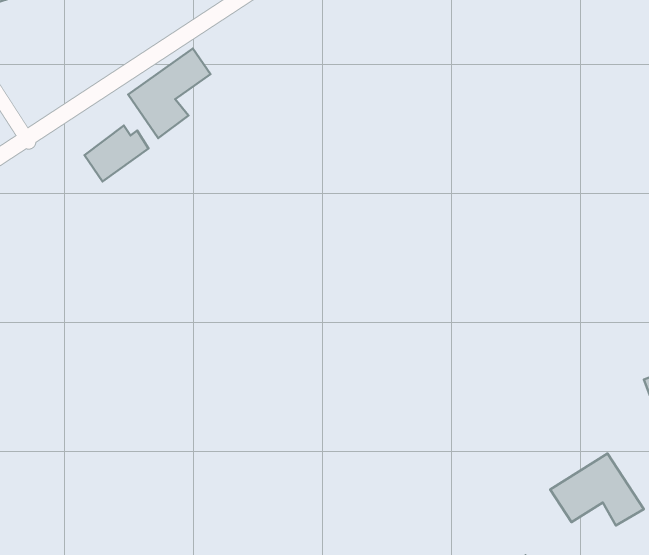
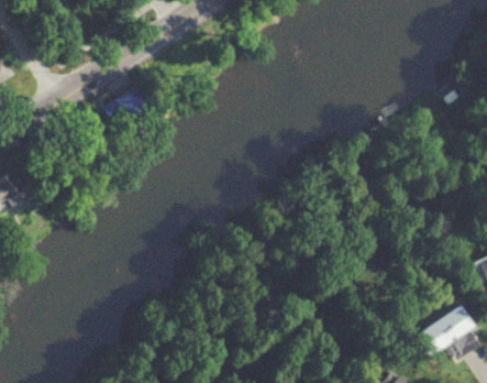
building: [128,48,211,138] -> none

